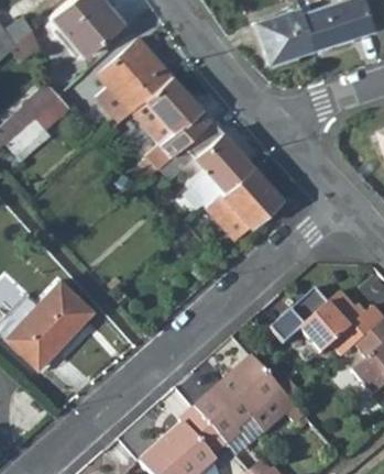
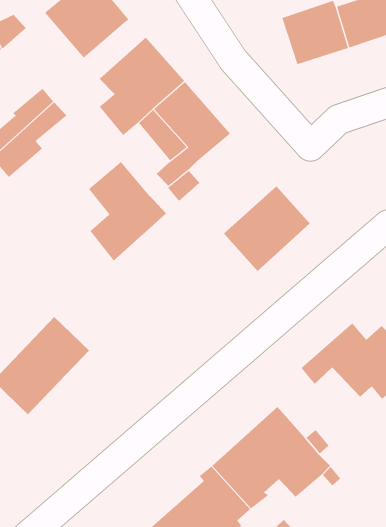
building: [184,122,252,209] -> [88,161,167,262]

